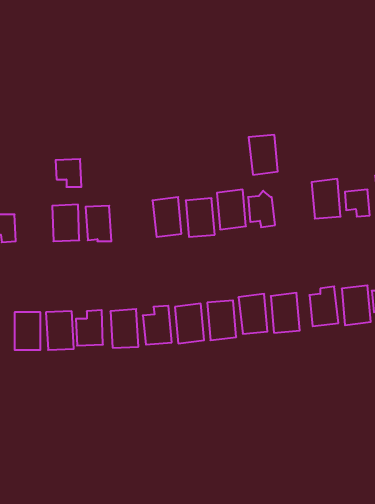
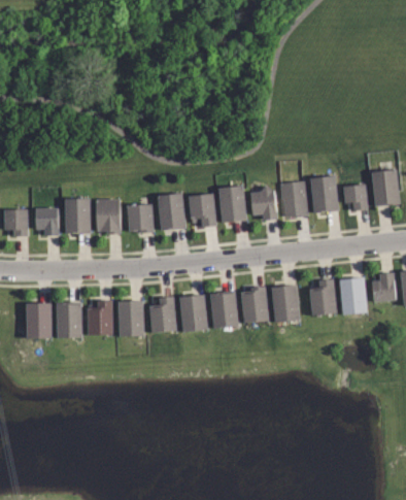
building: [249,135,278,175] -> [279,180,307,219]
building: [56,159,81,187] -> [33,207,58,234]
building: none -> [125,204,151,233]

